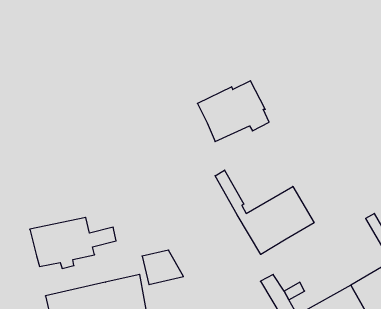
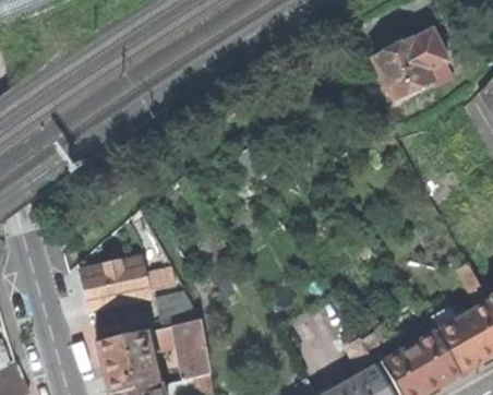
building: [197,81,269,142] -> [373,32,453,99]
building: [215,170,314,254] -> none
building: [142,250,183,285] -> [155,290,201,328]

